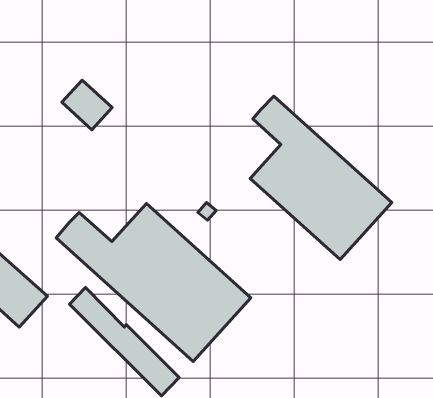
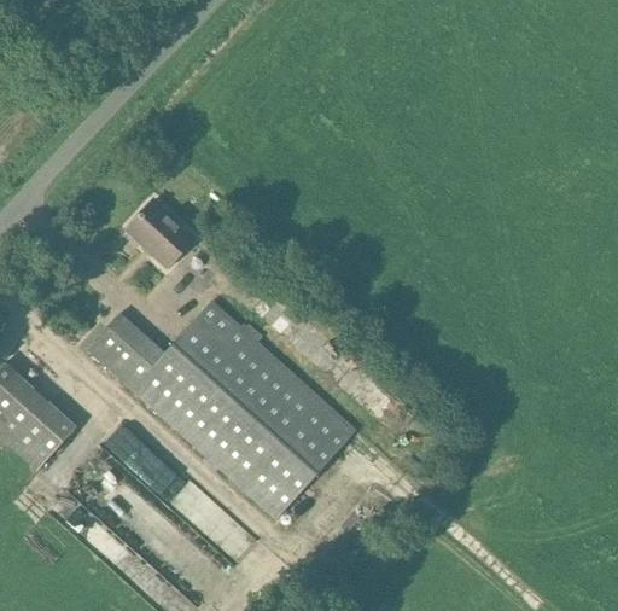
building: [62,80,112,130] -> [126,200,194,268]
building: [250,96,392,260] -> none

